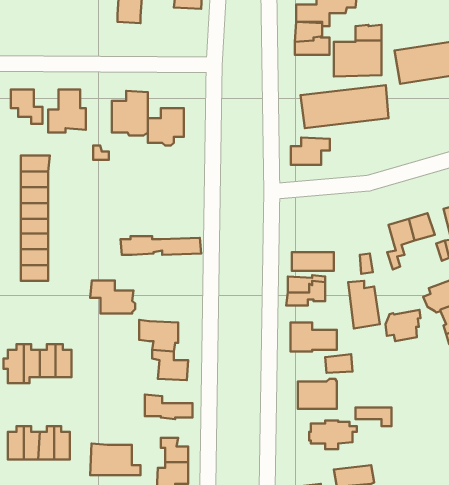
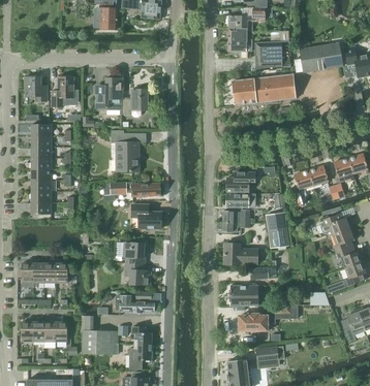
building: [291,137,330,165] -> [226,171,254,191]
building: none -> [111,130,146,170]
building: [90,281,135,314] -> [130,204,162,228]
building: [386,310,421,341] -> none

